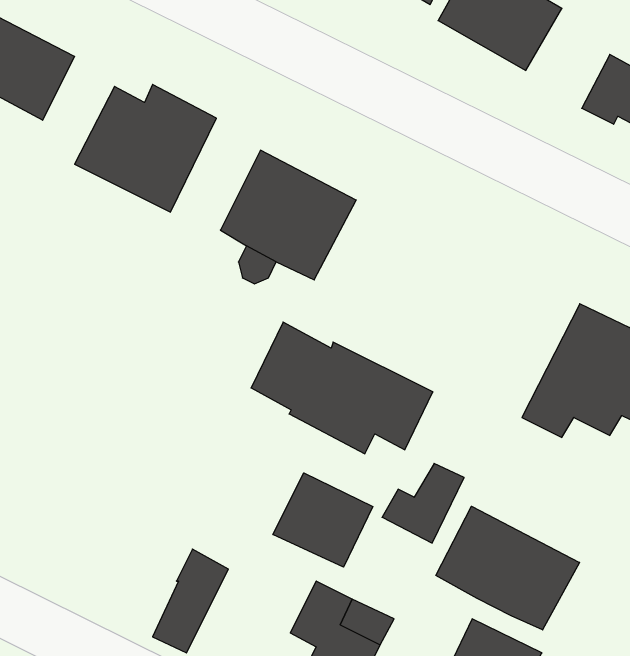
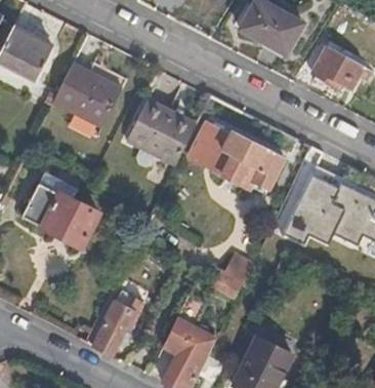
building: none -> [20,184,98,247]
building: [251,322,433,454] -> [190,121,283,189]
building: [273,473,373,567] -> none
building: [436,506,580,630] -> none

